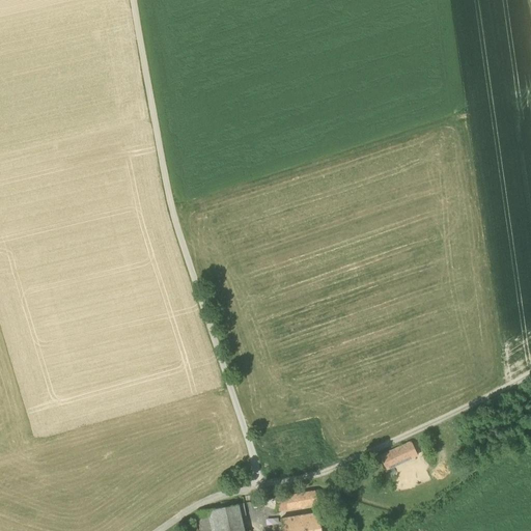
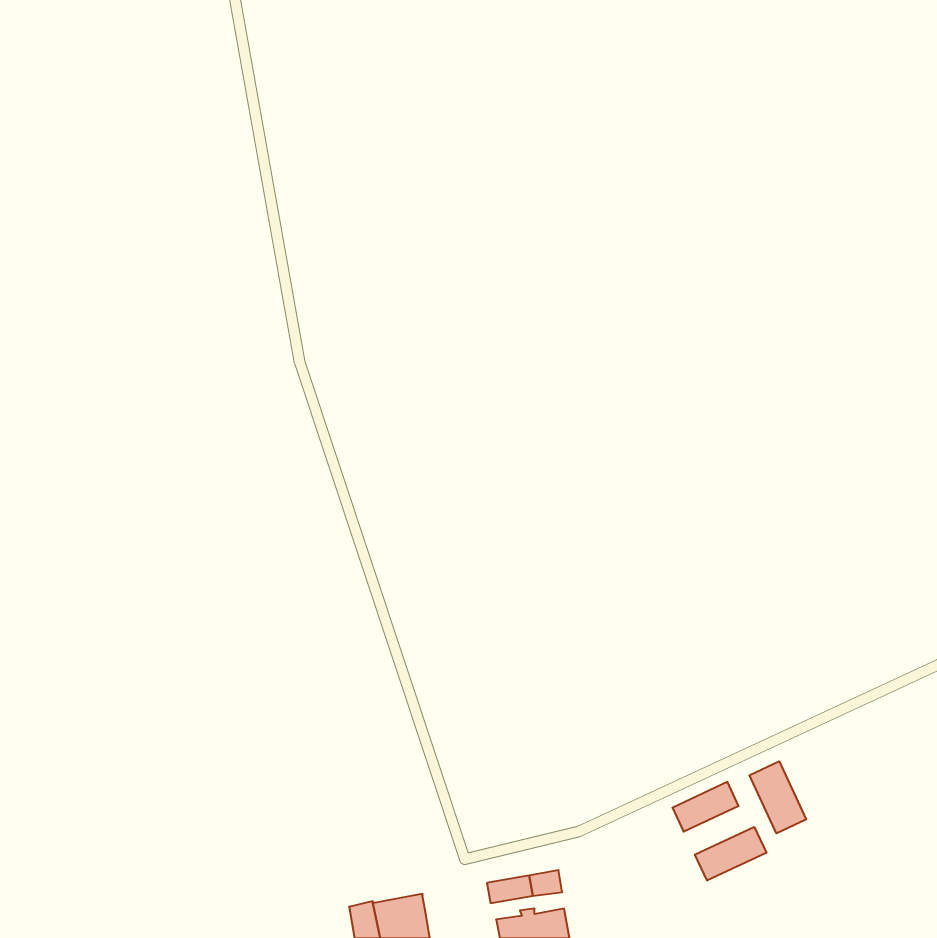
building: none -> [749,761,806,833]
building: none -> [695,827,766,881]

